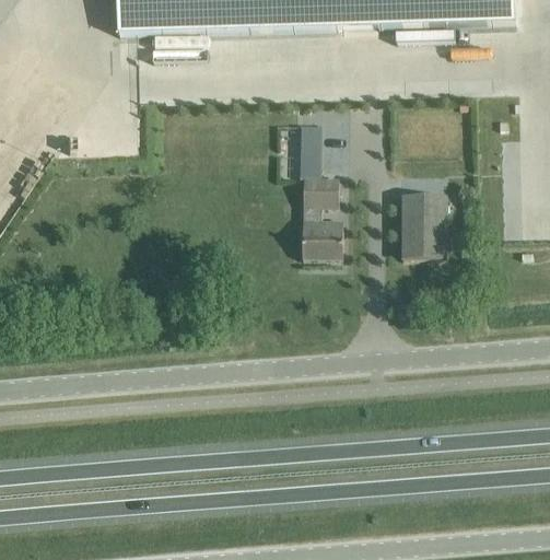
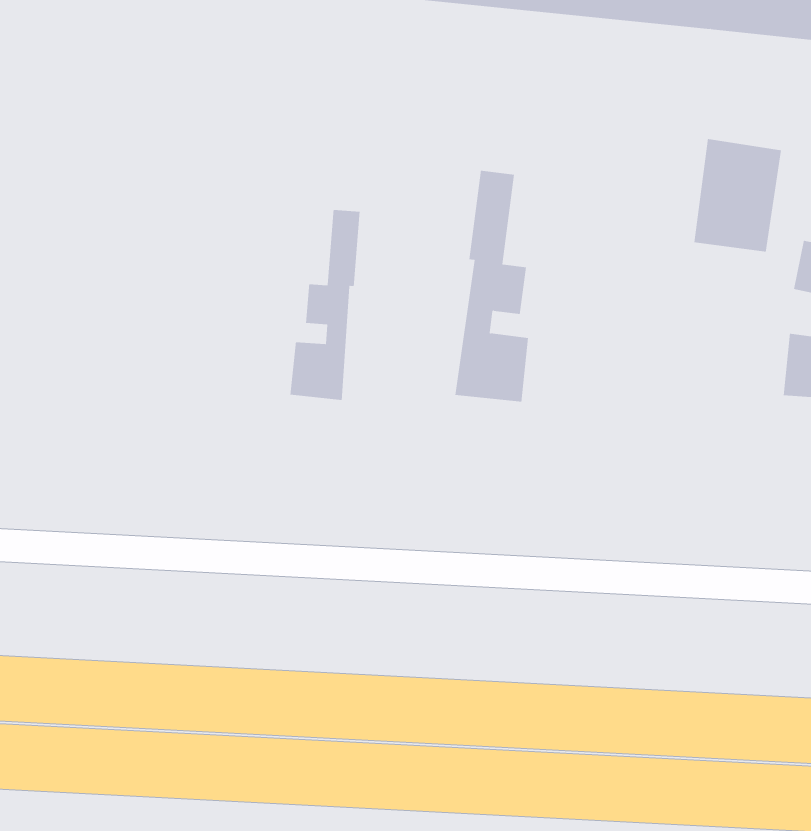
building: none -> [290,209,360,401]
building: [402,197,447,259] -> [694,139,782,252]

